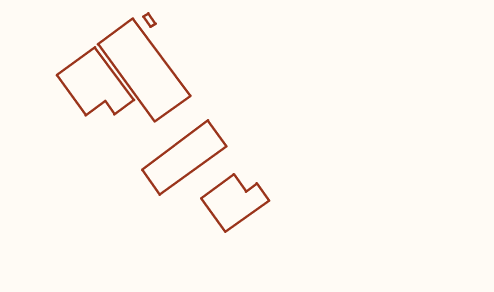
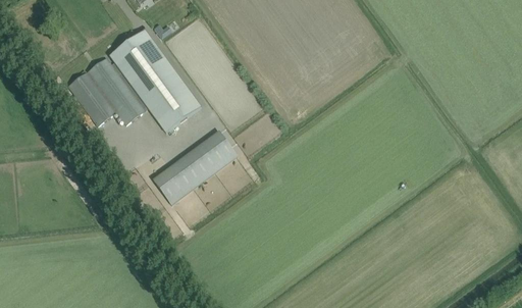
building: [201,174,269,232] -> none

